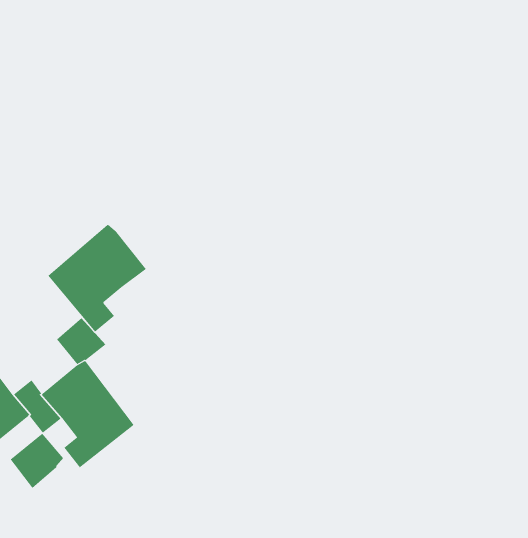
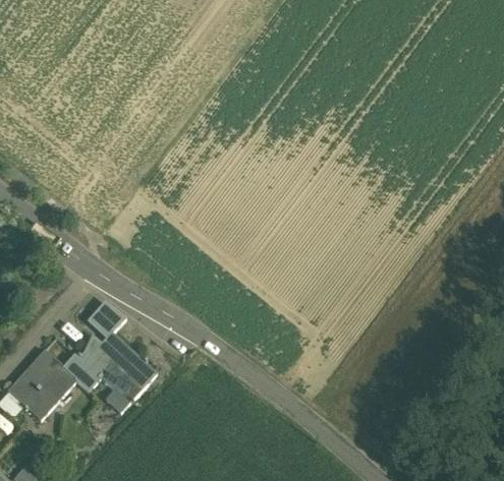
building: [48,224,147,333] -> none
building: [10,433,64,489] -> none

